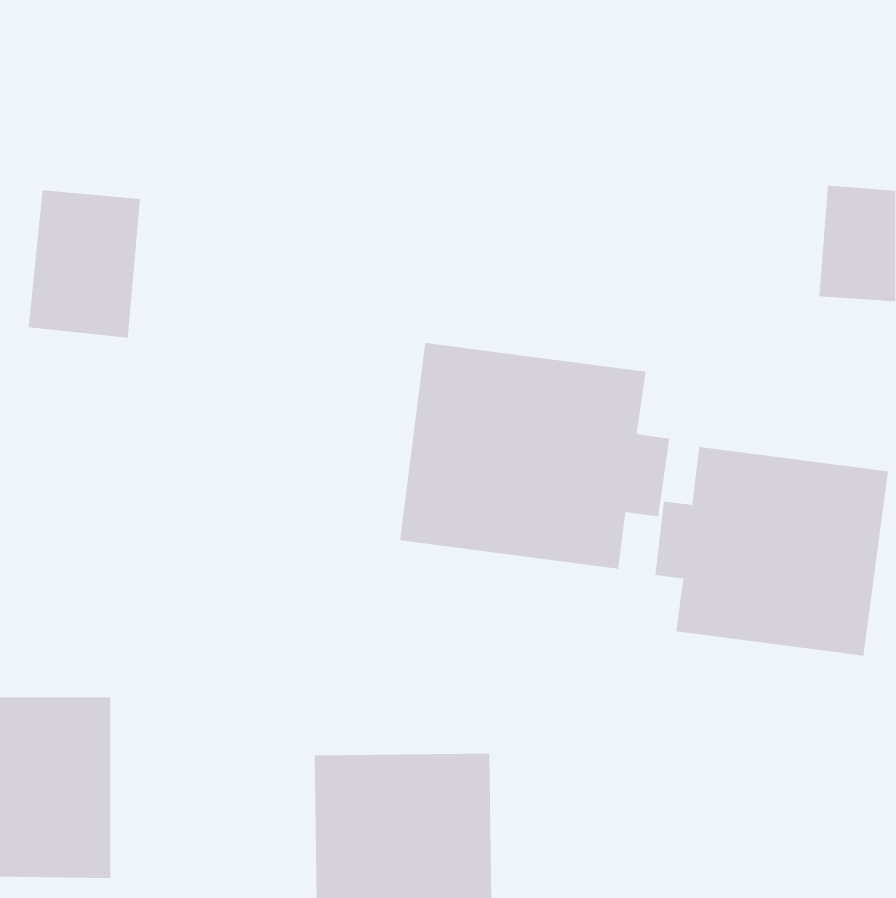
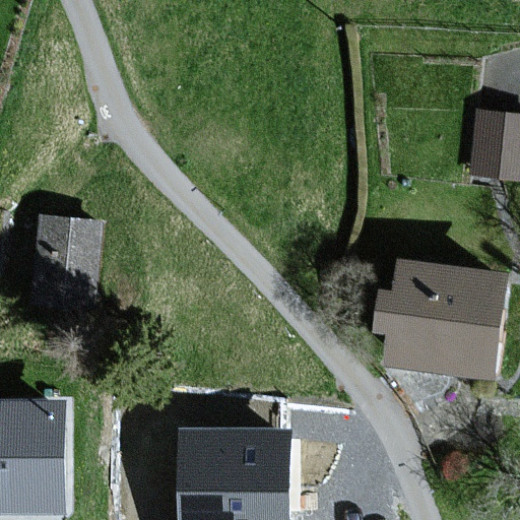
building: [28,190,141,338] -> [35,219,100,305]
building: [399,342,670,570] -> none

